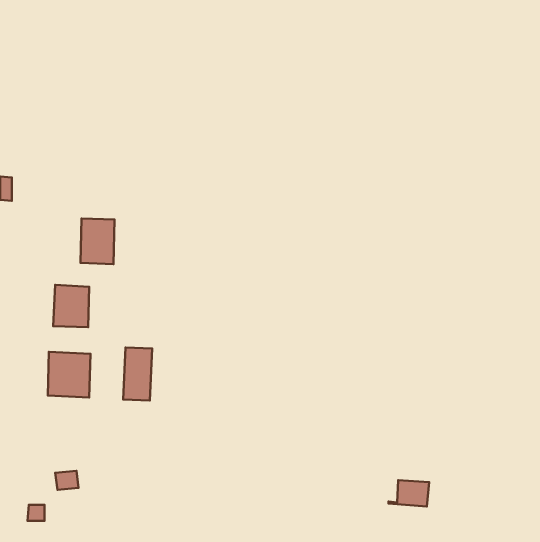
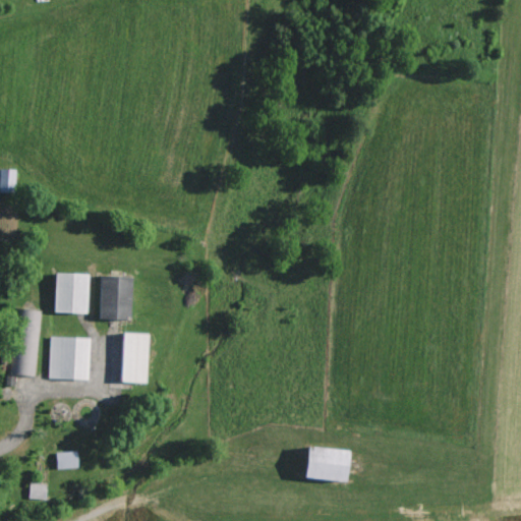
building: [81,218,115,264] -> [100,276,132,320]
building: [389,480,429,507] -> [306,456,345,481]

